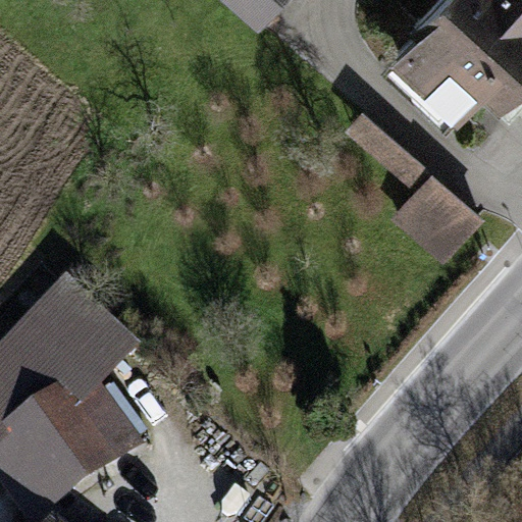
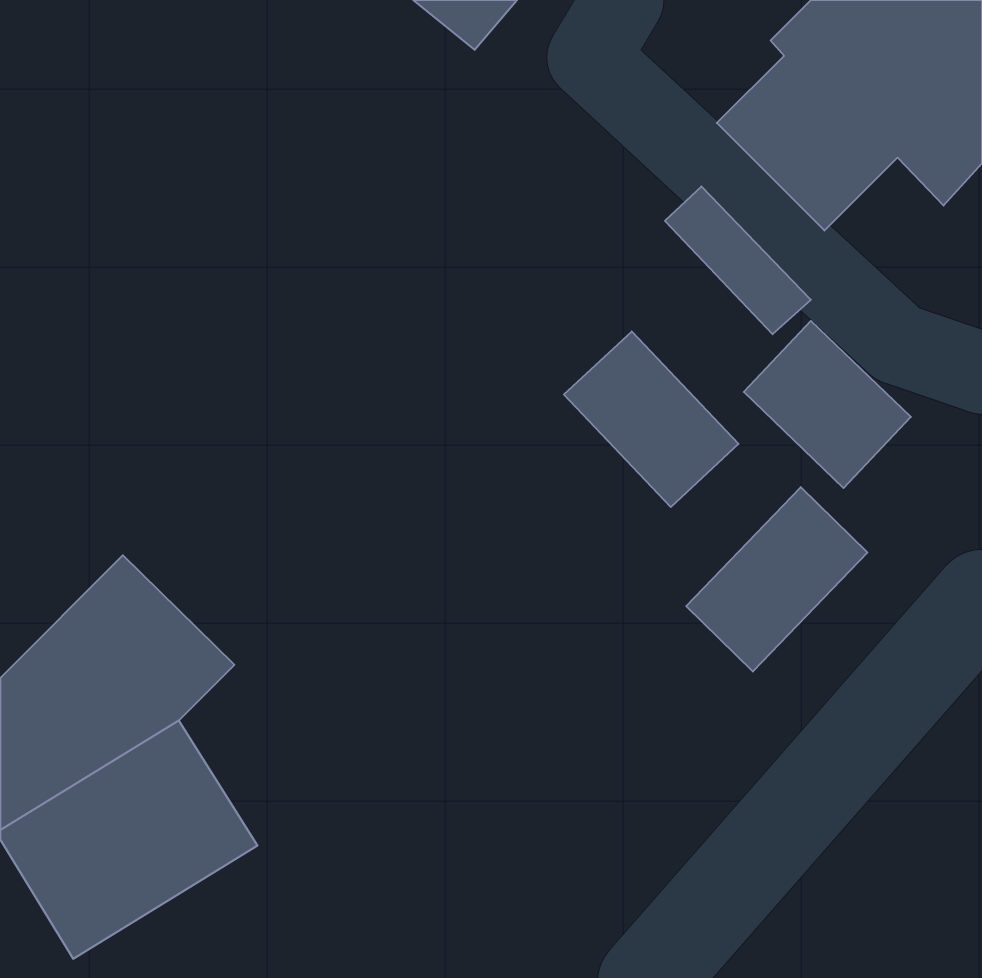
building: none -> [564,331,739,507]
building: none -> [686,487,867,672]

